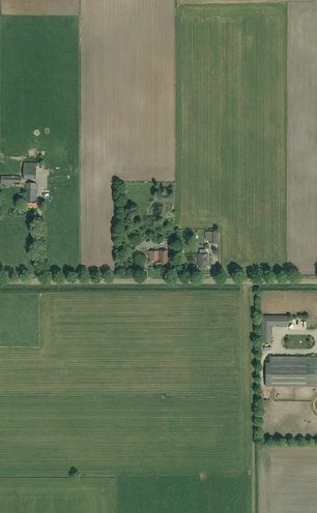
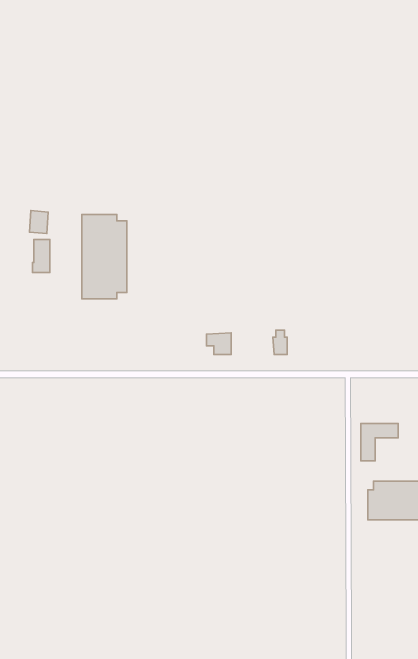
building: none -> [82,215,127,299]

